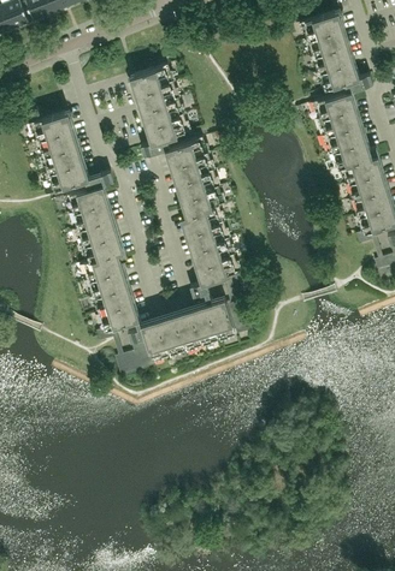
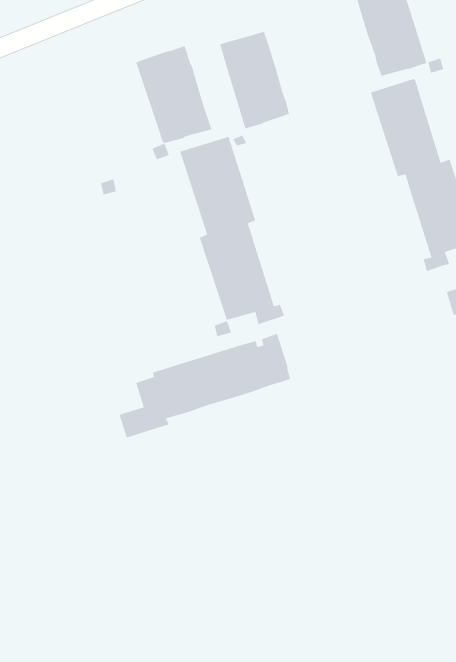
building: none -> [219,31,290,129]
building: [31,111,86,189] -> none
building: [66,183,135,339] -> none

